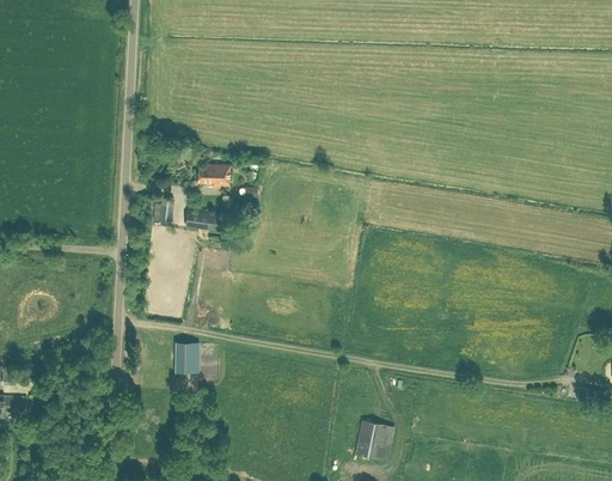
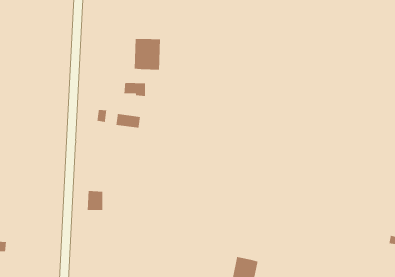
building: none -> [134,38,161,70]
building: [173,342,197,372] -> [87,190,103,211]

